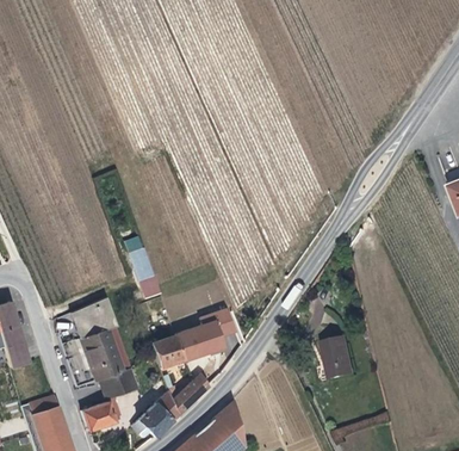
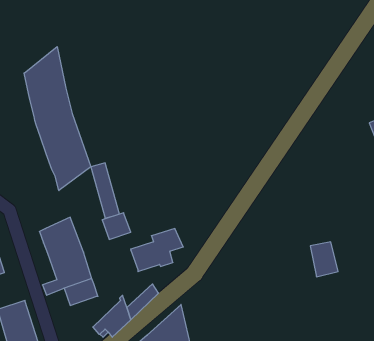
building: none -> [24,47,91,191]
building: [149,336,182,367] -> [102,213,131,239]
building: [321,340,353,381] -> [310,242,338,277]
building: [81,401,119,432] -> none

